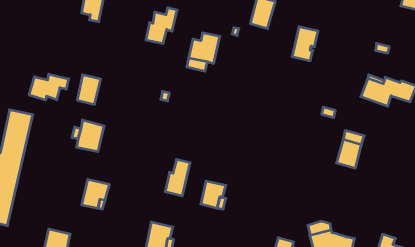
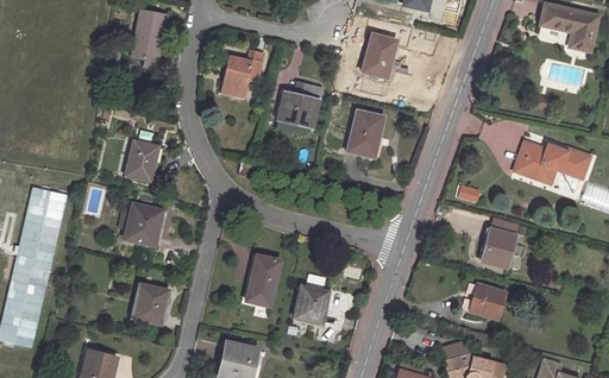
building: [292,27,318,61] -> [347,109,383,156]
building: [29,74,69,100] -> none
building: none -> [470,283,506,319]

